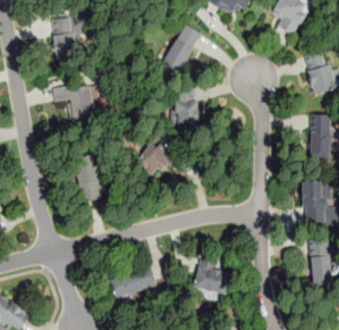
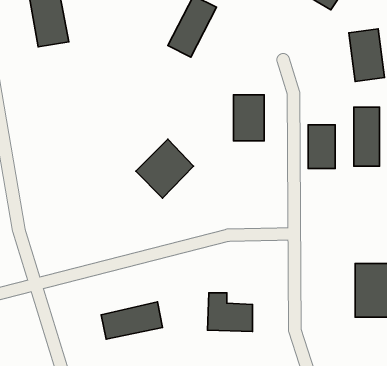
building: [59,85,96,122] -> none
building: [173,91,198,128] -> [234,95,264,141]
building: [73,156,103,200] -> none
building: [302,184,324,219] -> [308,125,335,169]

